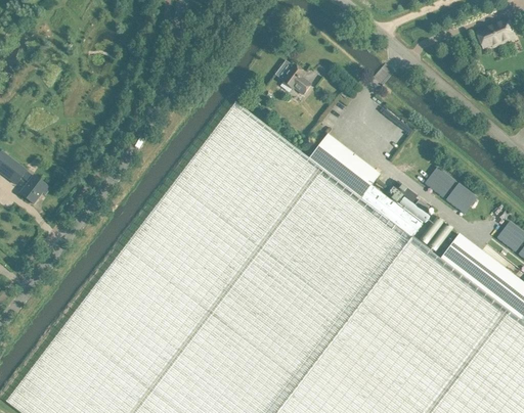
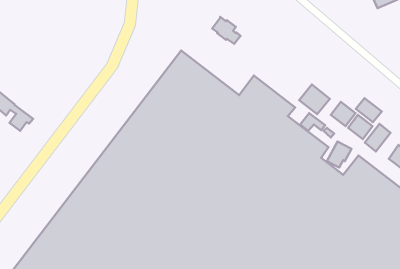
building: none -> [299,84,330,114]
building: none -> [356,98,382,122]
building: none -> [365,124,391,152]

